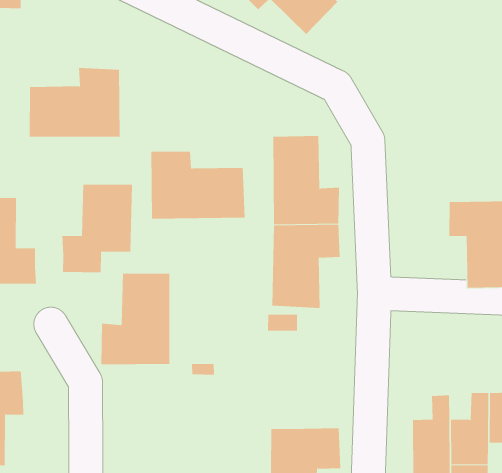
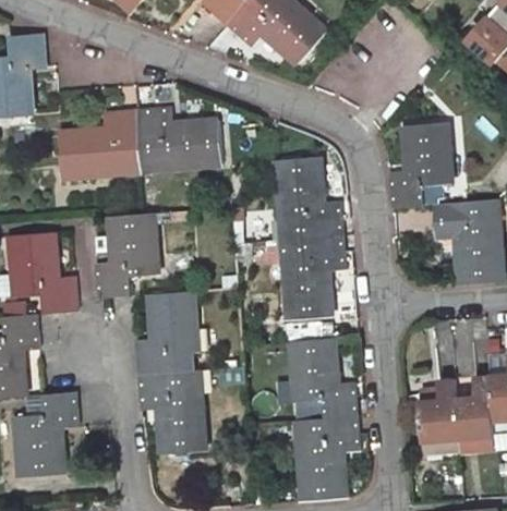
building: none -> [387,123,454,211]
building: [150,151,246,219] -> [136,109,226,172]
building: none -> [289,336,357,418]
building: none -> [140,370,210,455]

